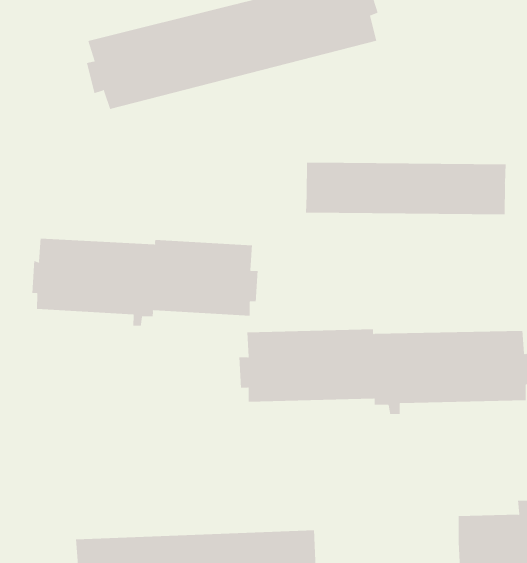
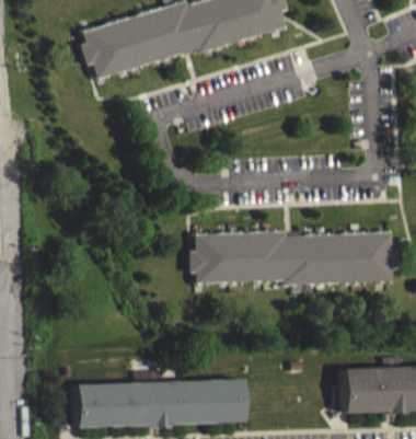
building: [305,162,506,215] -> none
building: [32,238,258,326] -> none

